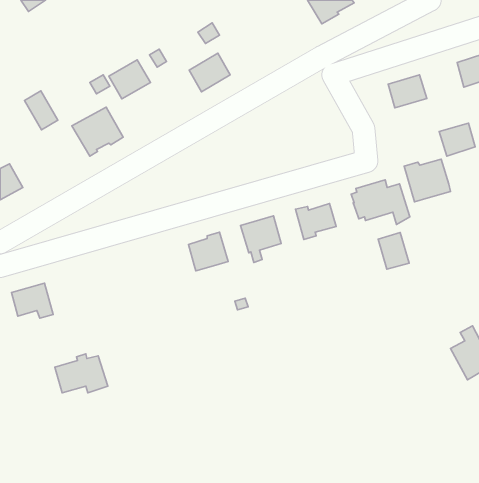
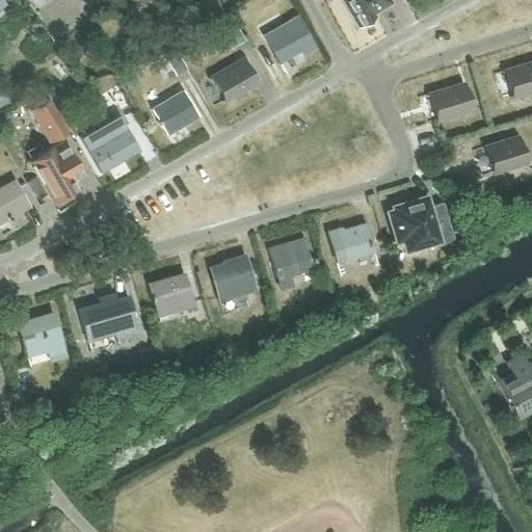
building: none -> [266,17,316,63]
building: [109,60,150,99] -> [154,91,200,134]
building: none -> [29,142,83,203]
building: [404,159,451,202] -> none
building: [378,232,409,269] -> none
building: none -> [150,273,194,310]
building: [55,354,108,393] -> [80,294,138,337]

